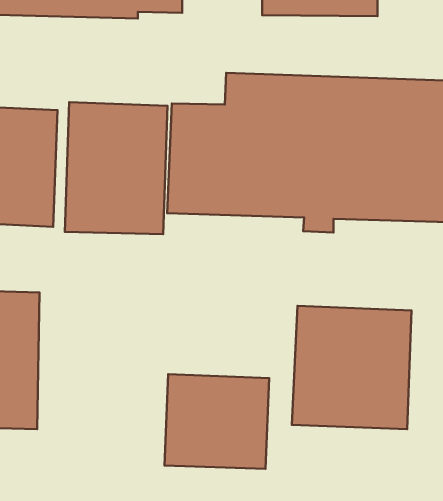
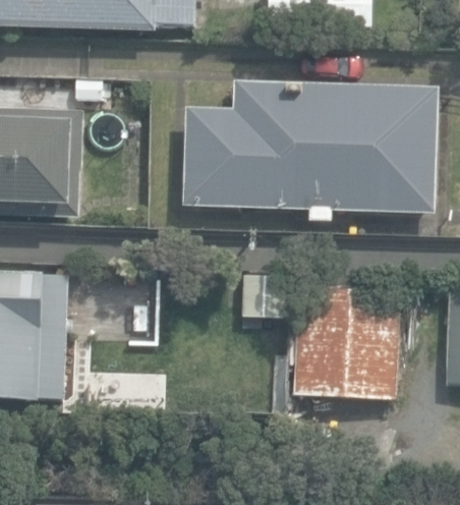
building: [65,102,168,234] -> none
building: [165,374,269,469] -> none

